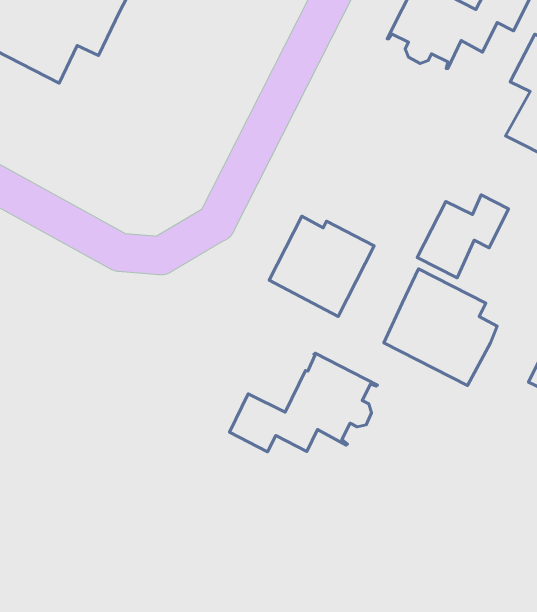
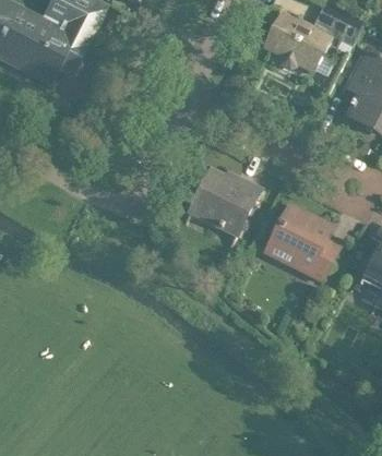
building: [417,195,509,278] -> none
building: [229,353,378,452] -> none

